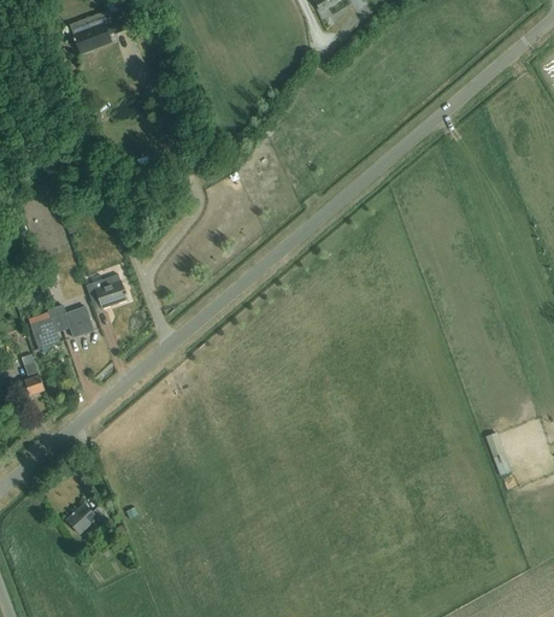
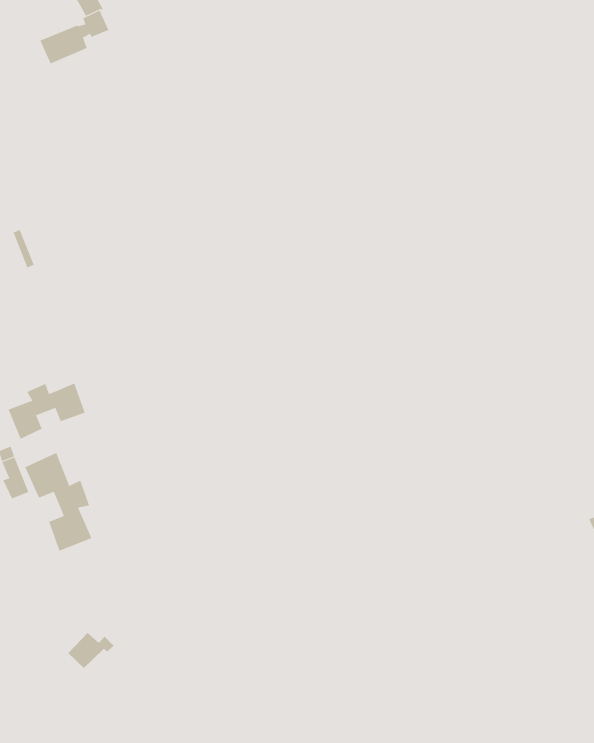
building: [86,274,125,305] -> none
building: none -> [25,452,92,552]

